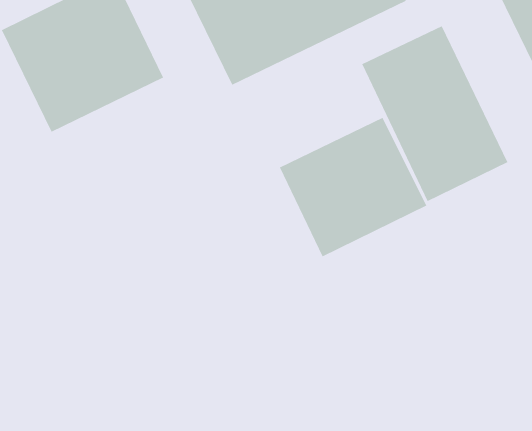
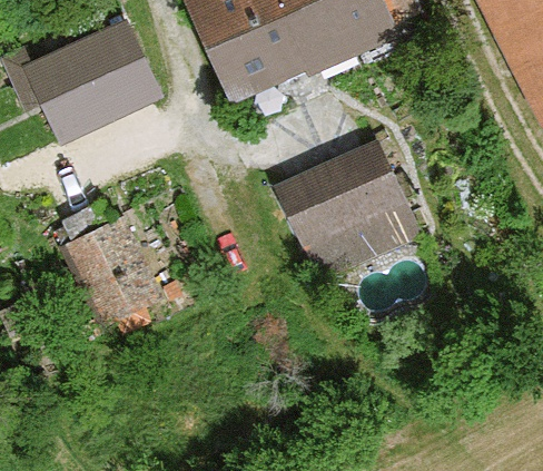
building: [361,25,508,202] -> none
building: none -> [63,216,162,325]

